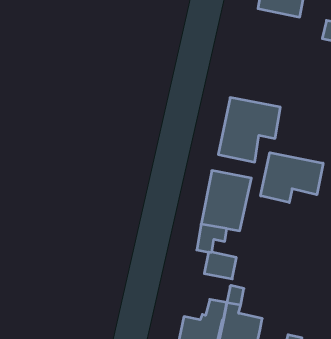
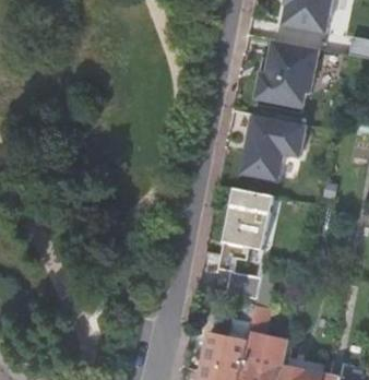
building: none -> [255,39,318,106]
building: [261,153,323,203] -> none

